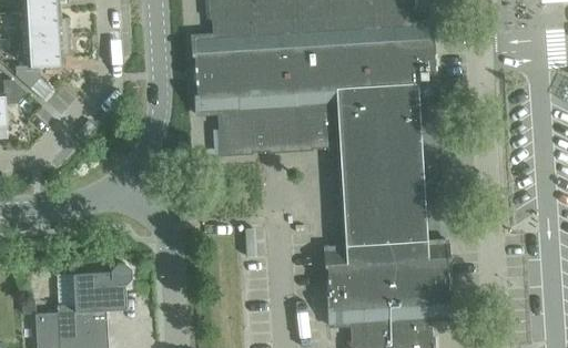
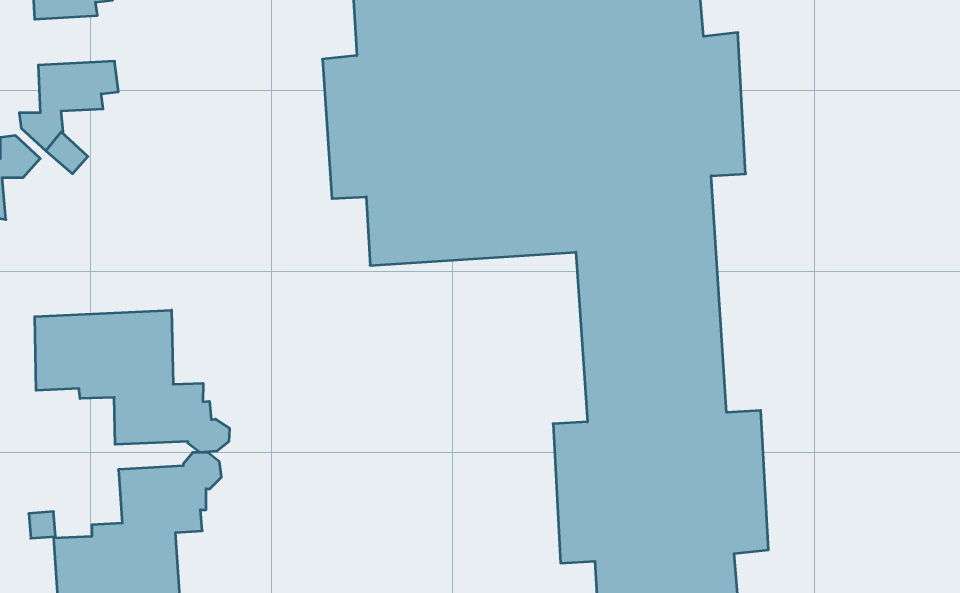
building: [23,10,70,39] -> none
building: none -> [35,310,229,452]

